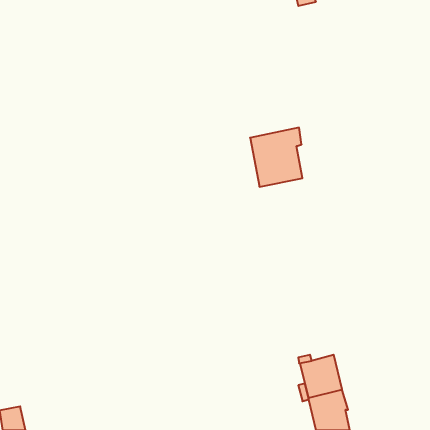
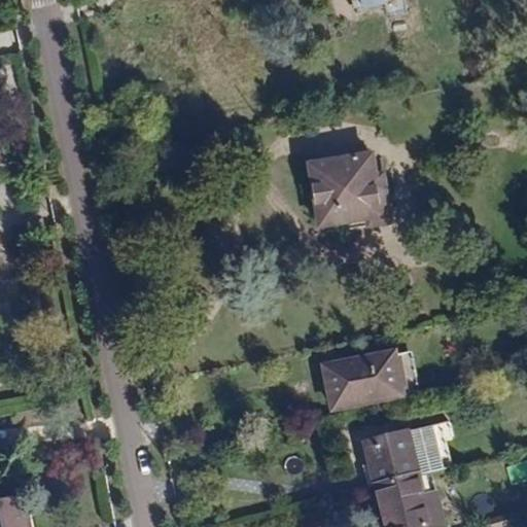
building: none -> [327,353,408,409]
building: none -> [406,420,450,476]

